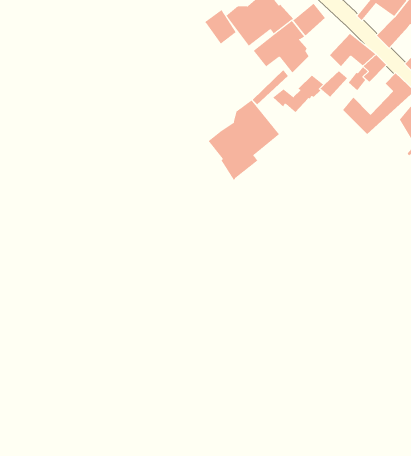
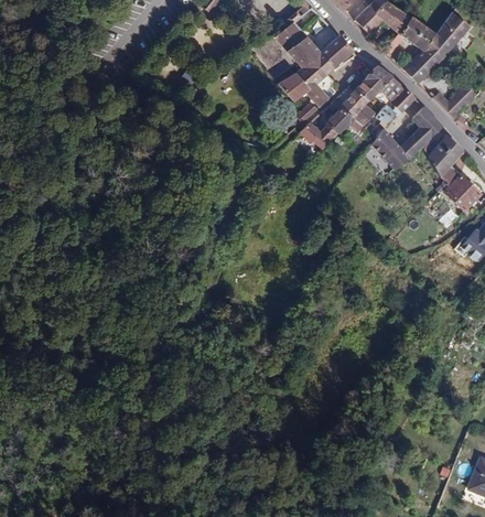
building: [204,9,237,45] -> none
building: none -> [333,88,369,118]
building: [208,99,280,181] -> none

